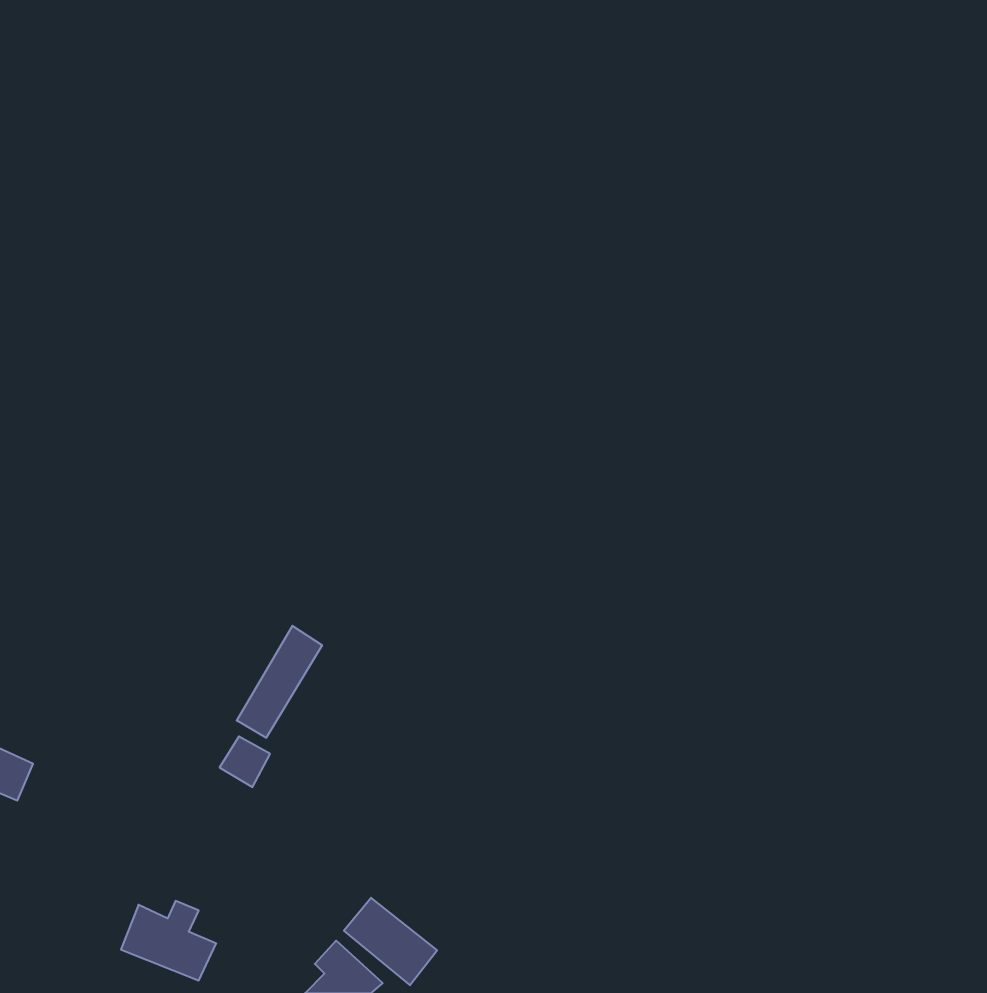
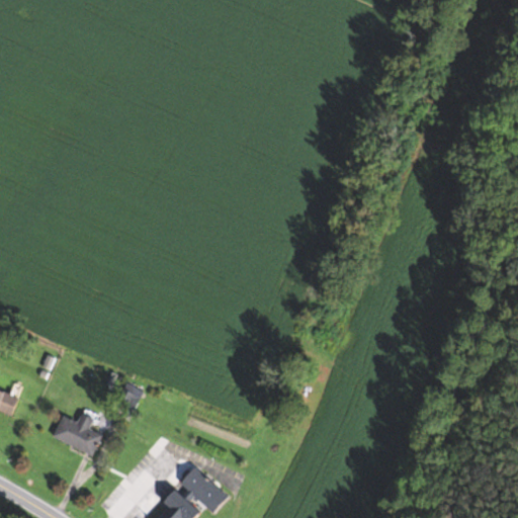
building: [237,626,322,738] -> none
building: [121,901,216,981] -> [52,413,101,454]

